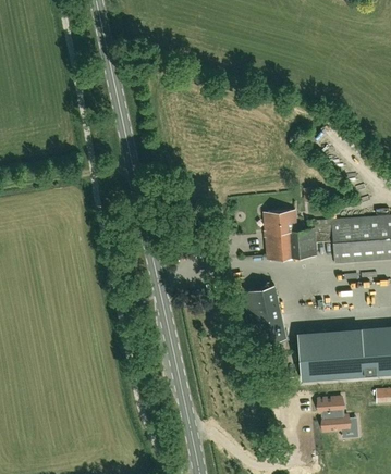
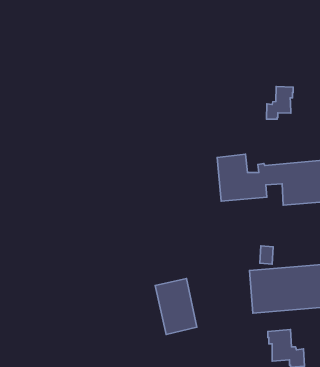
building: none -> [267,86,293,119]
building: [240,285,284,345] -> [155,278,197,334]

